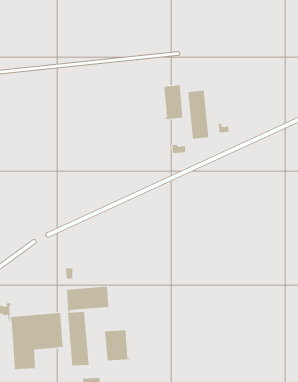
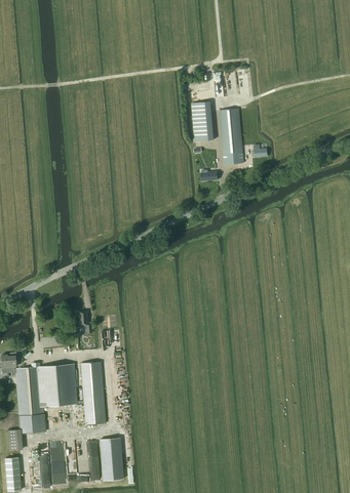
building: [66,286,109,312] -> none
building: [104,329,129,361] -> none

